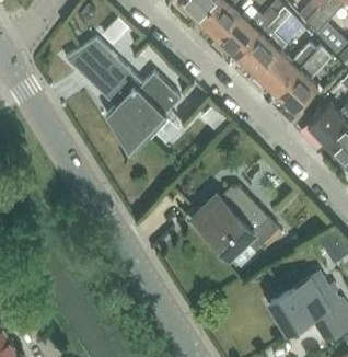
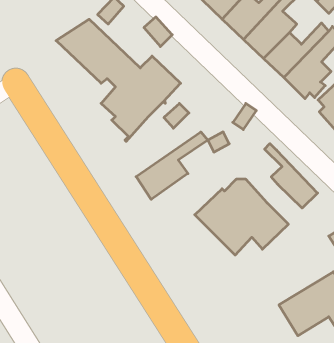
building: none -> [136,132,208,199]
building: none -> [265,144,318,208]

